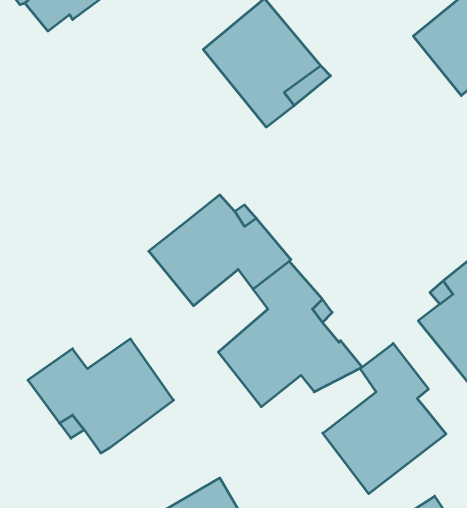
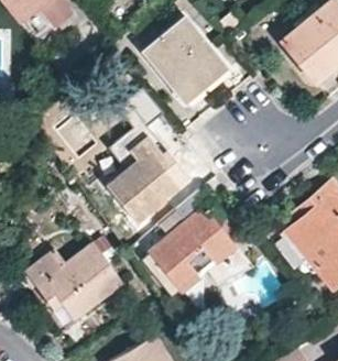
building: [323,343,446,494] -> none

